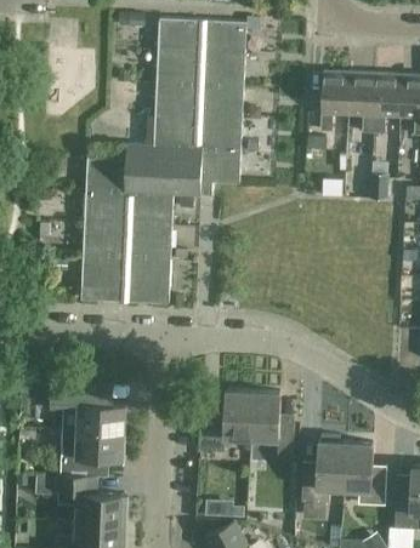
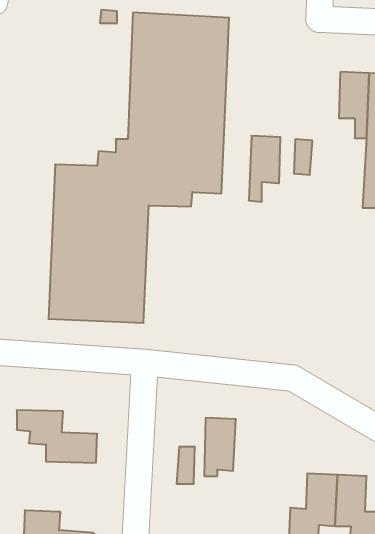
building: [318,72,347,132] -> [249,136,280,202]
building: [249,392,291,459] -> none
building: [58,430,123,476] -> none

